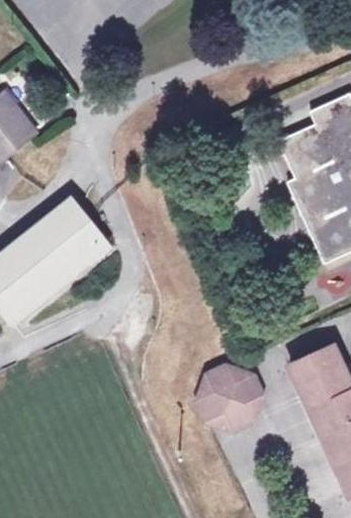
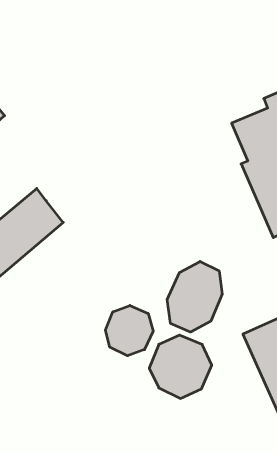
building: none -> [167,261,222,332]
building: none -> [105,305,153,356]

